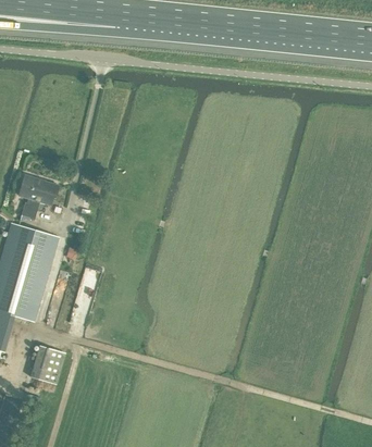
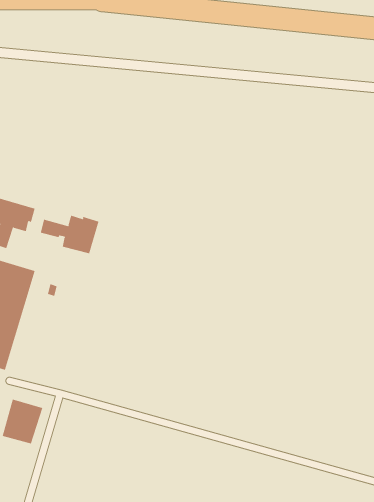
building: none -> [40,215,99,254]

